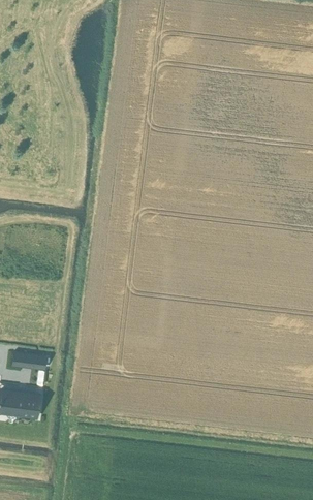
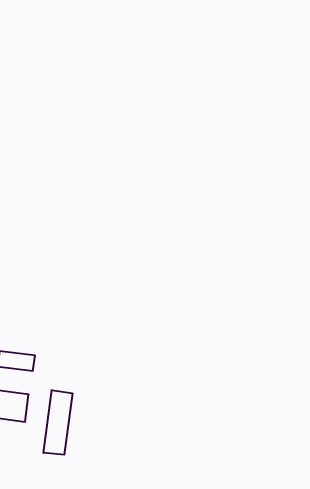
building: none -> [43,390,72,455]

